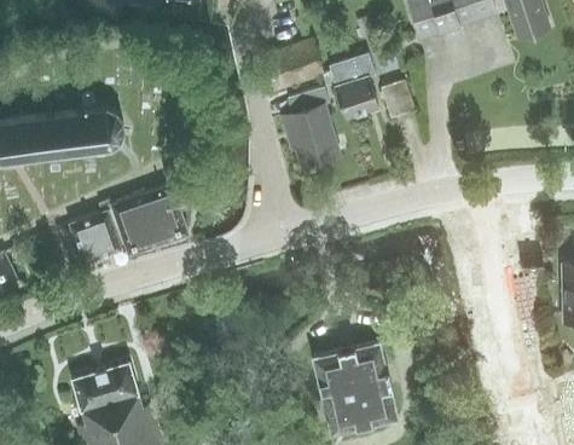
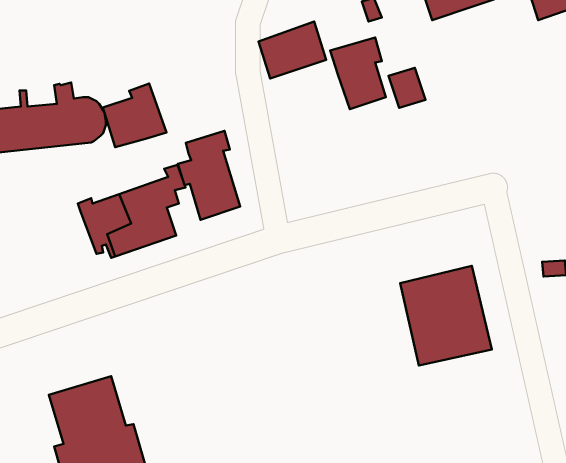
building: [282,87,338,168] -> [178,131,240,220]
building: none -> [103,83,166,147]
building: [69,212,115,262] -> none
building: [313,341,396,432] -> [400,266,492,365]

